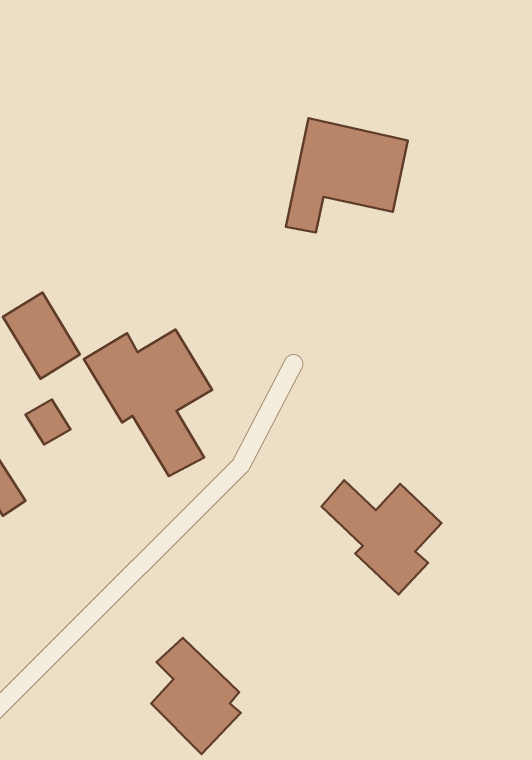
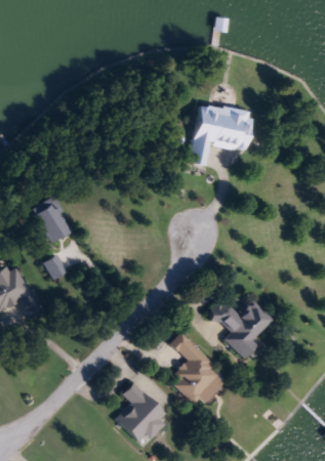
building: [84,330,212,476] -> none
building: none -> [169,332,227,408]

